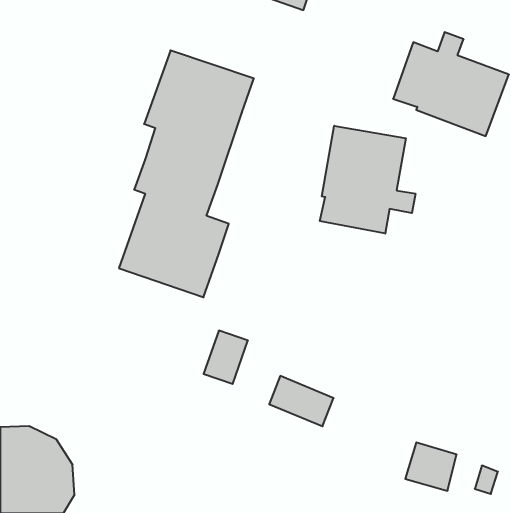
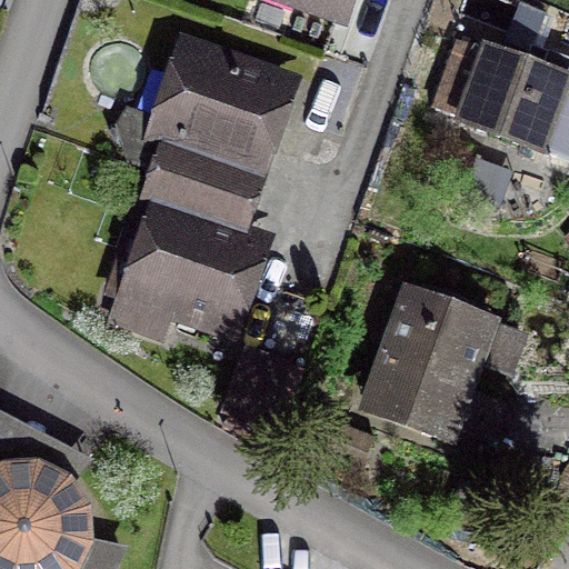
building: [320,126,415,234] -> none
building: none -> [371,293,492,430]

